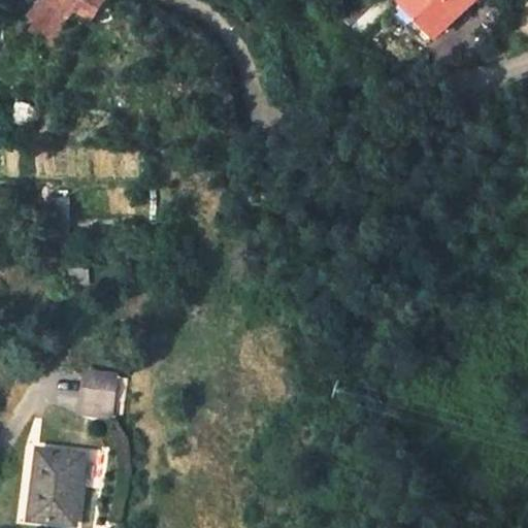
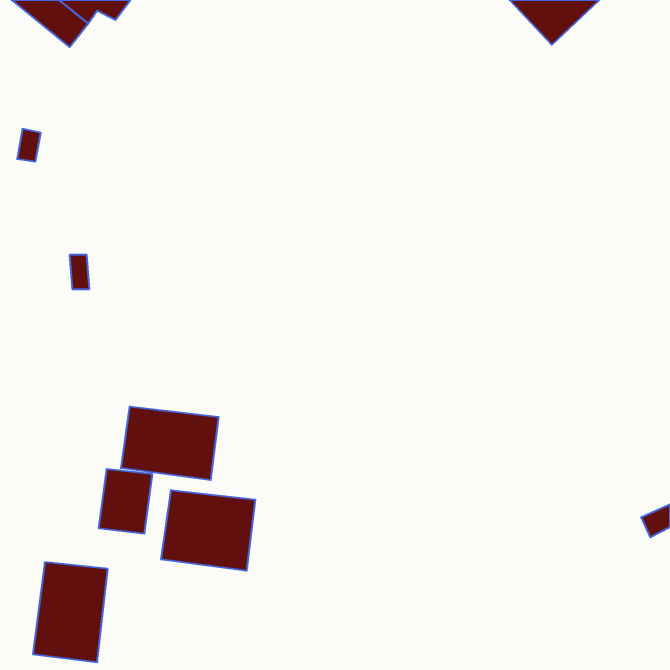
building: none -> [121,406,218,480]
building: none -> [161,490,255,571]

